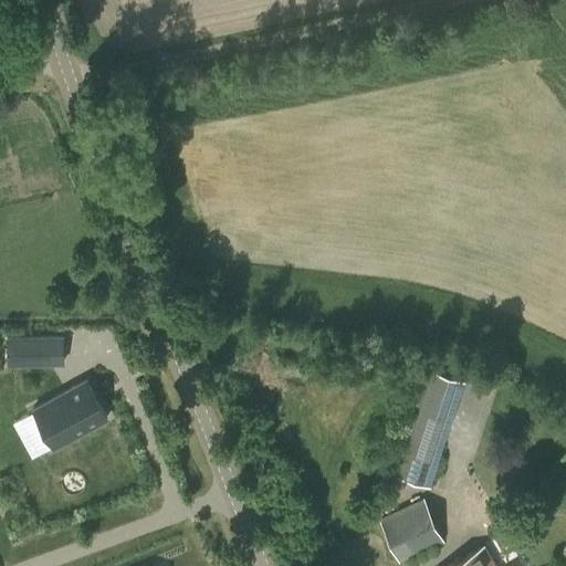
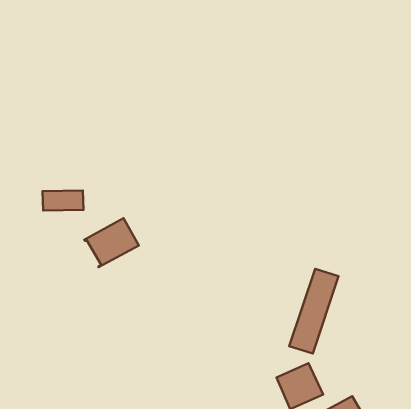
building: [6,339,62,367] -> [42,190,84,211]
building: [31,382,106,450] -> [84,218,139,267]

